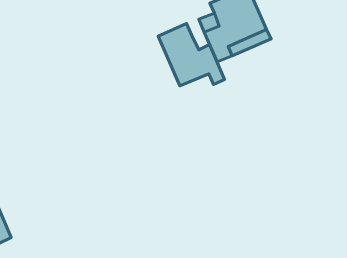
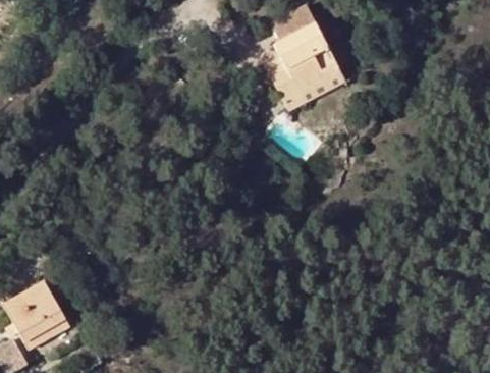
building: [158,23,225,86] -> none

